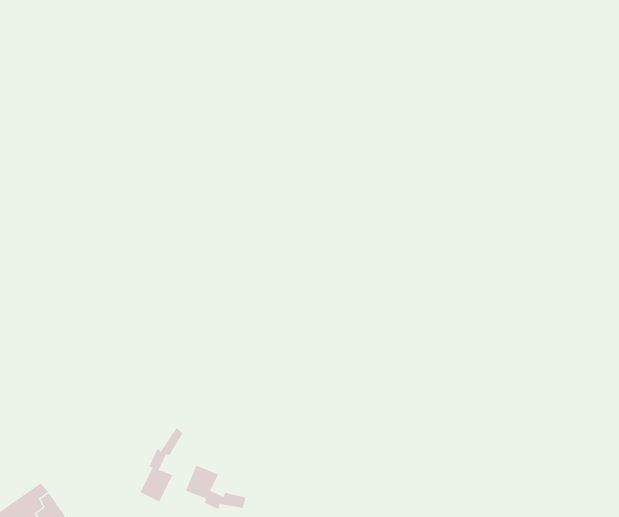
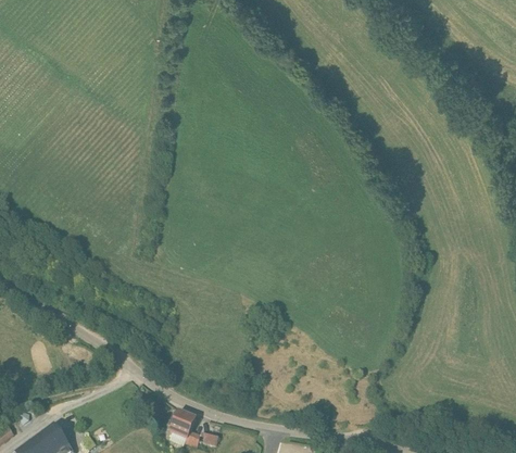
building: [140,427,183,502] -> none

